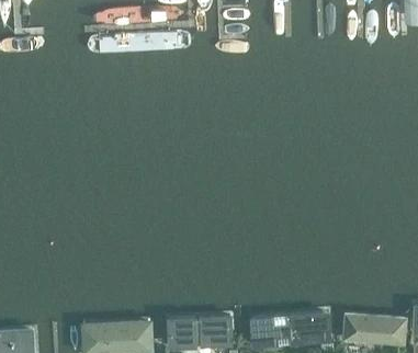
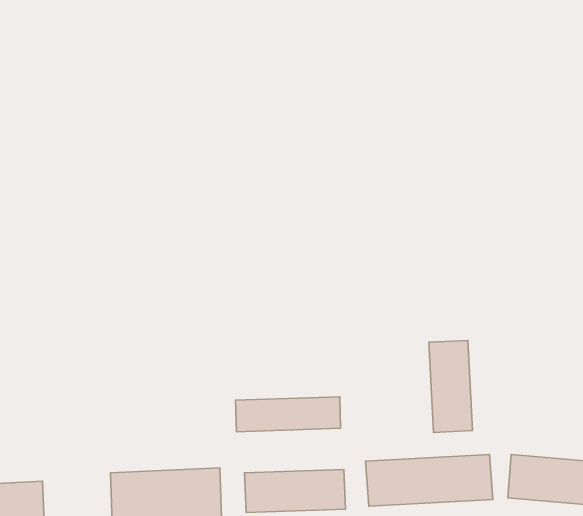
building: none -> [429,340,473,432]
building: none -> [236,397,341,432]

